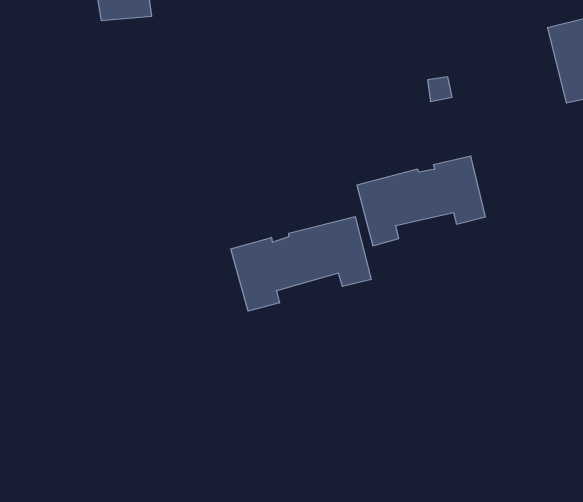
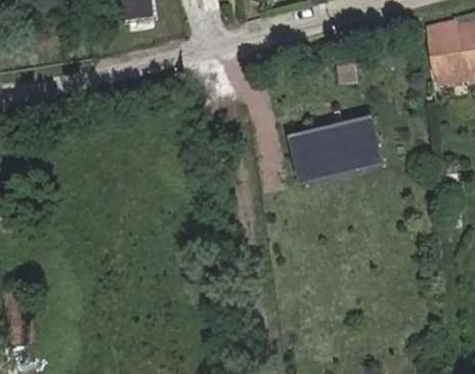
building: [231,217,371,311] -> none

